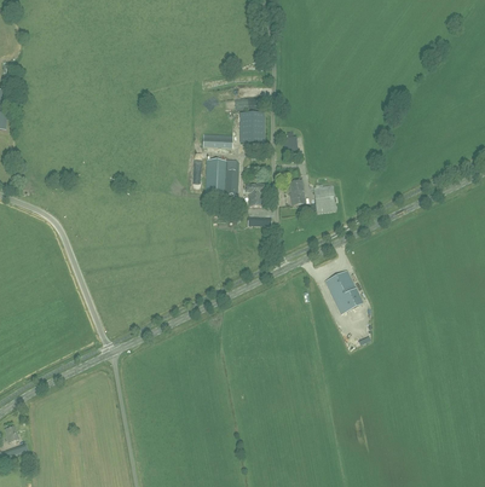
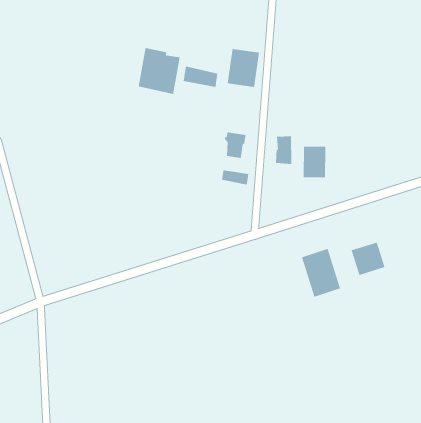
building: [204,157,237,193] -> [138,48,181,95]
building: none -> [351,242,385,276]

